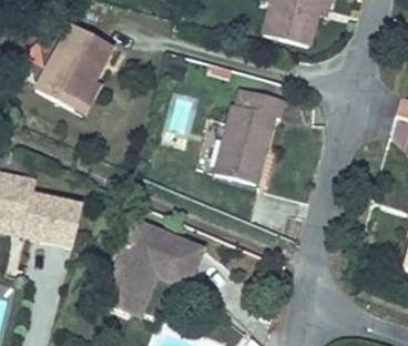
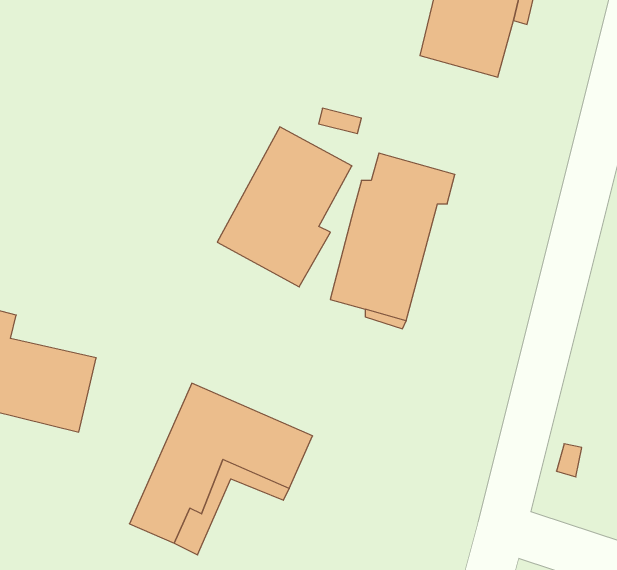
building: [35,24,112,115] -> [217,127,352,287]

